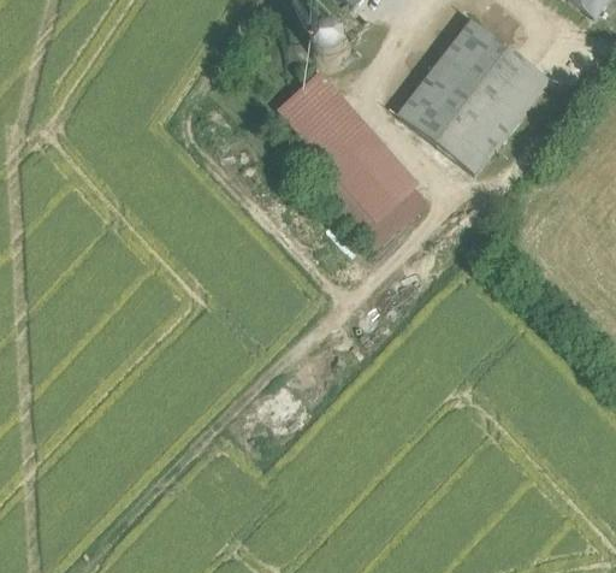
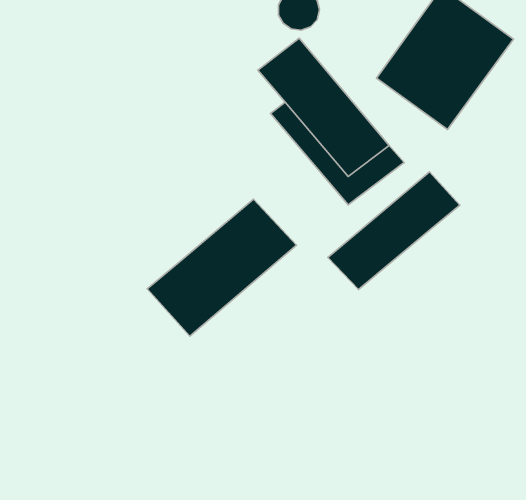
building: none -> [328,172,460,290]
building: none -> [147,199,296,336]

